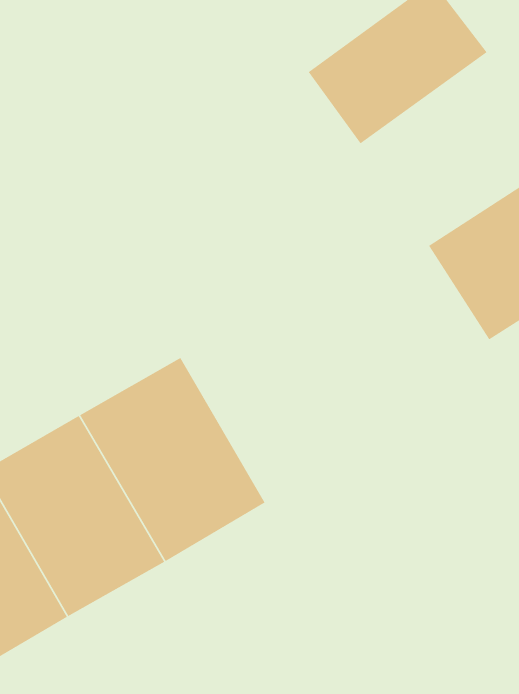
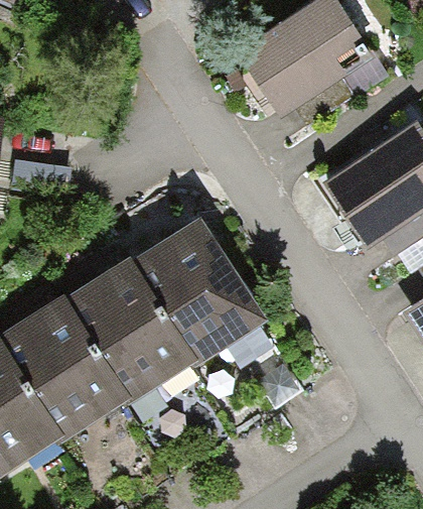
building: none -> [143,222,269,362]

